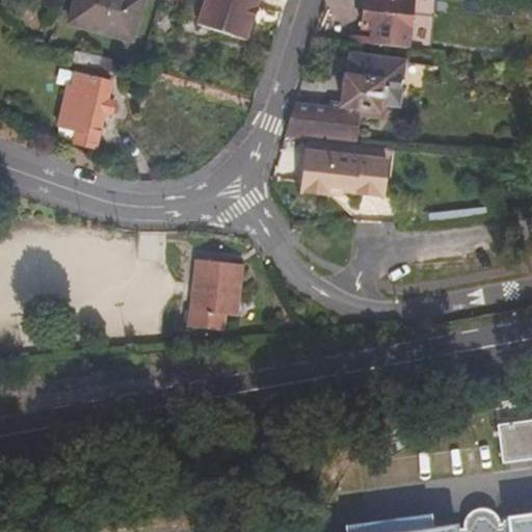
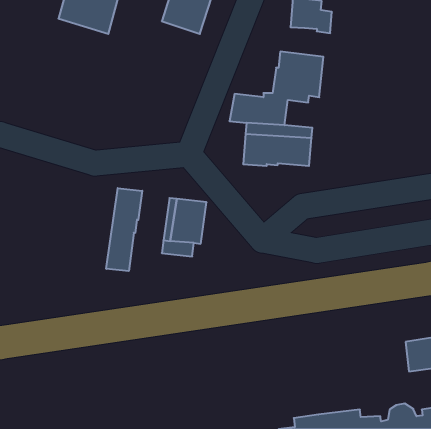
building: [52,85,107,152] -> none
building: none -> [106,188,142,271]

